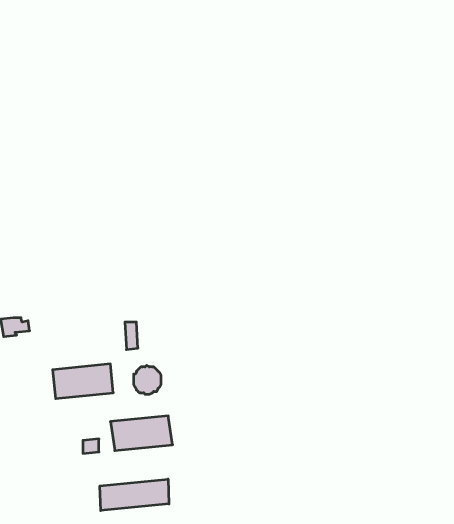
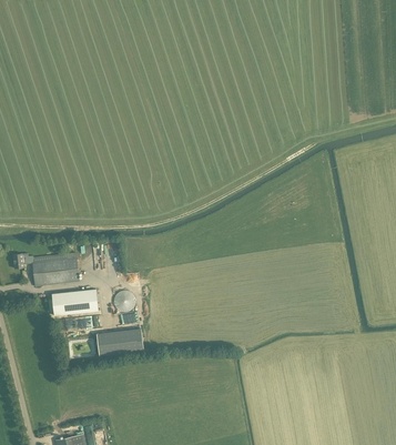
building: none -> [38,251,84,279]
building: [100,479,169,511] -> none

